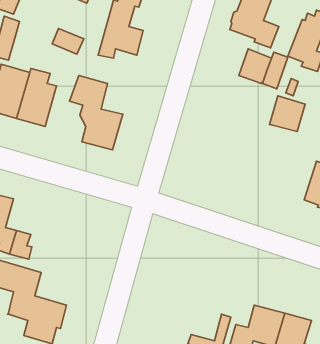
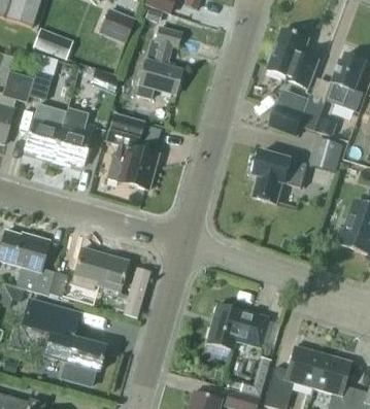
building: none -> [251,149,309,203]
building: none -> [71,246,129,291]
building: none -> [208,303,268,349]

